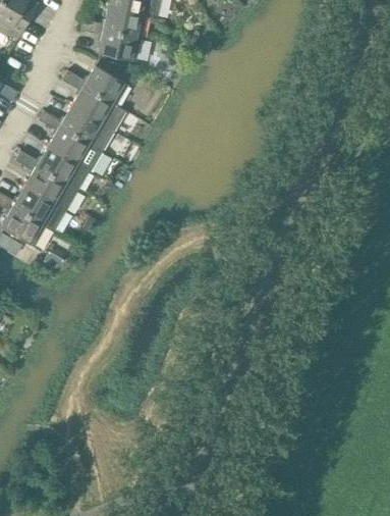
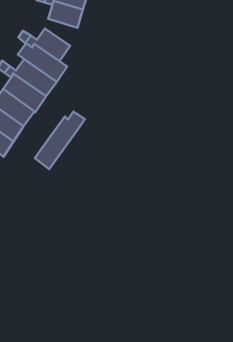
building: none -> [35,111,85,169]

